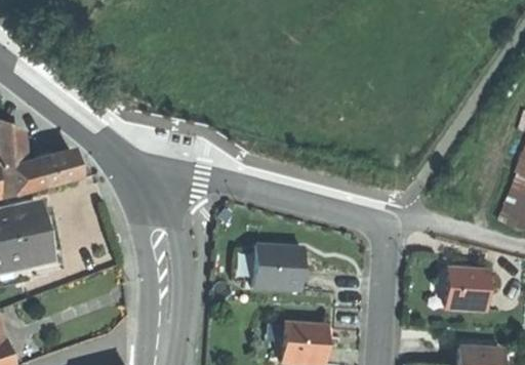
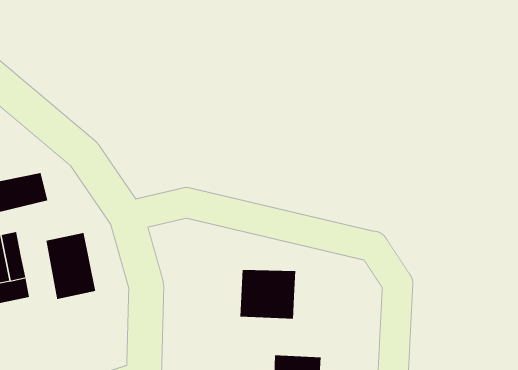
building: none -> [46,232,96,300]
building: [448,268,486,306] -> none

